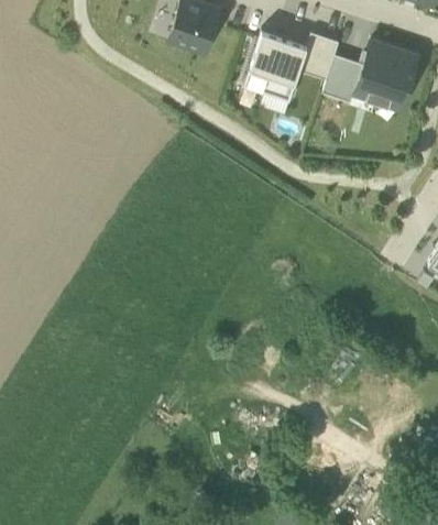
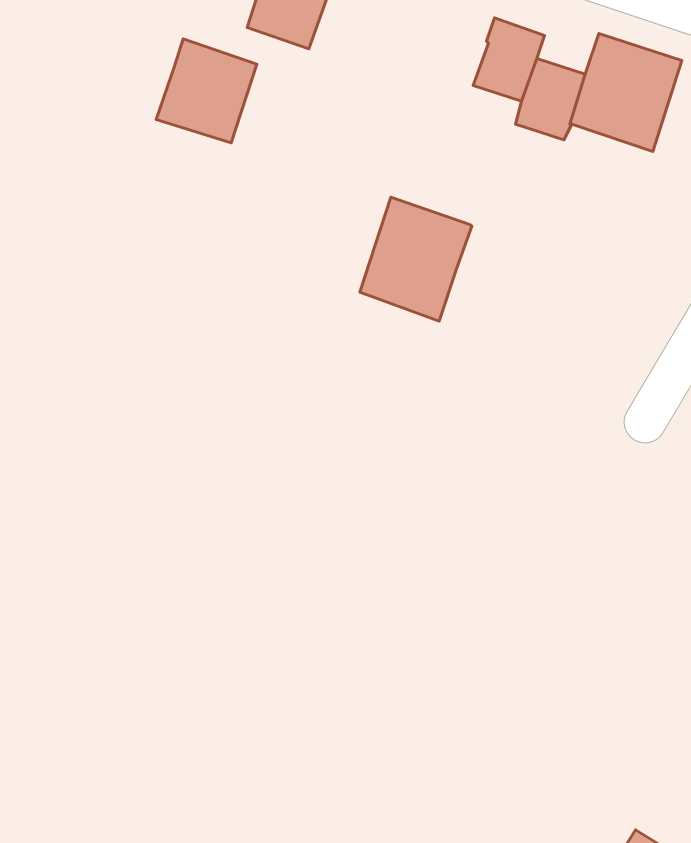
building: [244,30,308,100] -> [360,197,472,321]
building: none -> [156,39,257,143]

